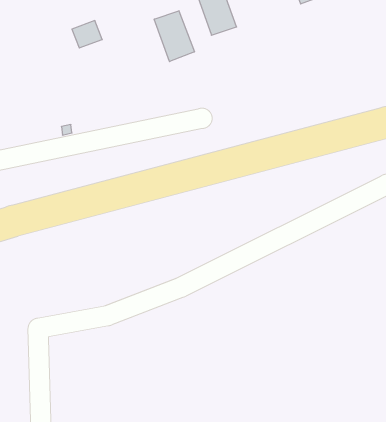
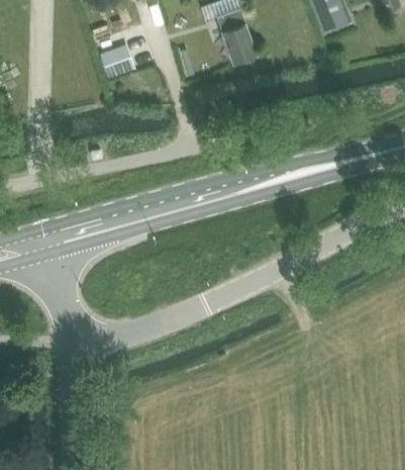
building: [154,11,194,62] -> none

